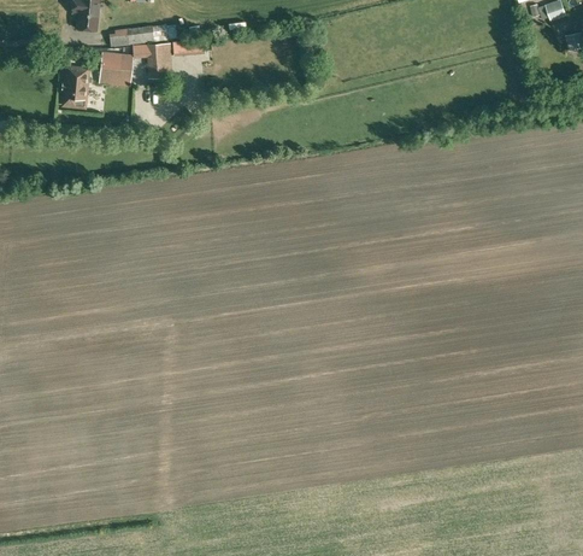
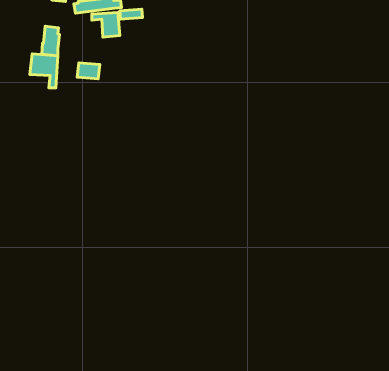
building: [99,53,131,76] -> [77,63,100,79]
building: none -> [30,54,58,88]

